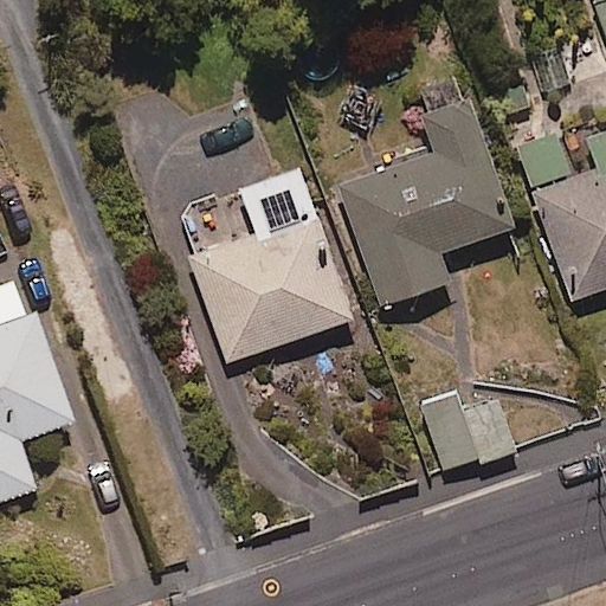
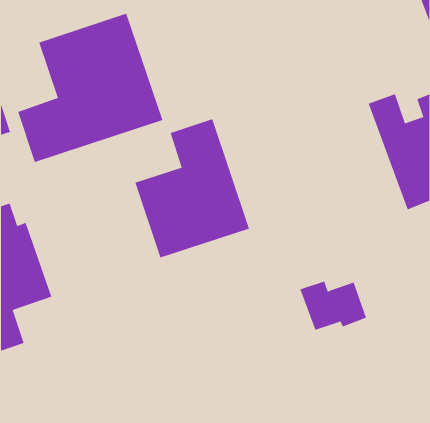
building: none -> [17,13,163,163]
building: [339,103,515,310] -> none

